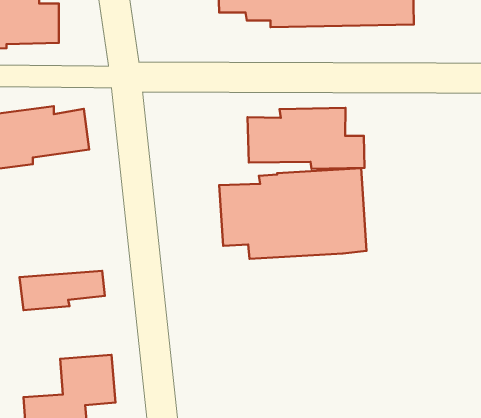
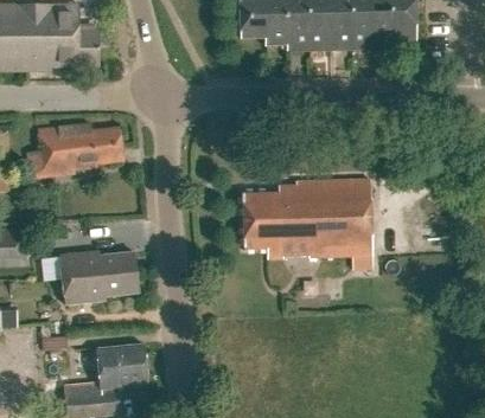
building: [248,108,365,169] -> none
building: none -> [58,247,135,275]

